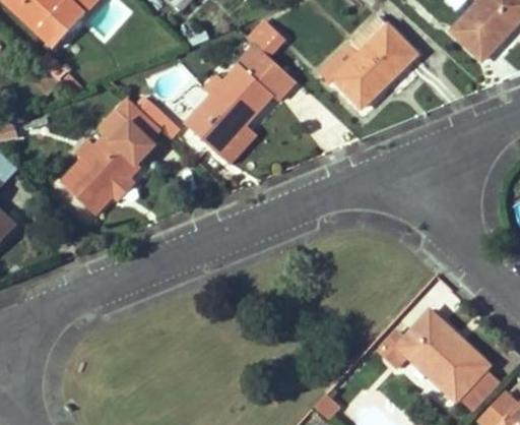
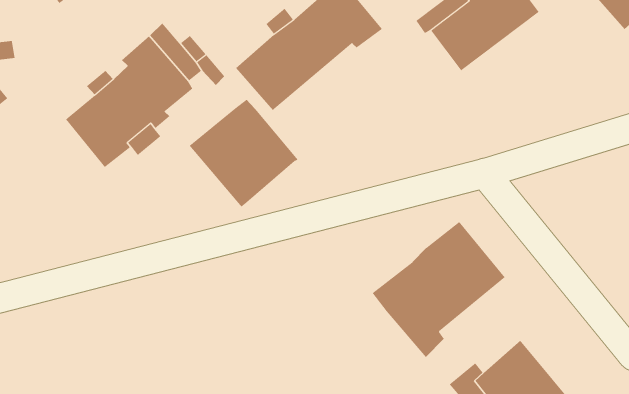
building: none -> [189,99,298,208]
building: none -> [372,221,505,358]

